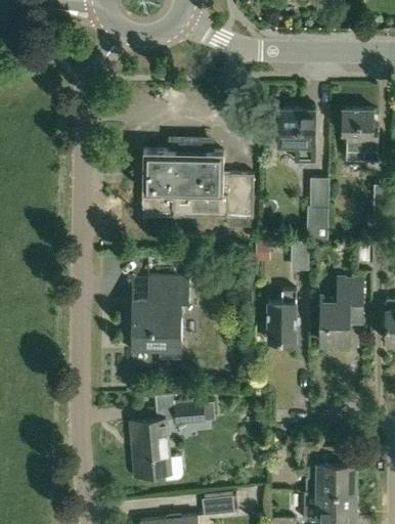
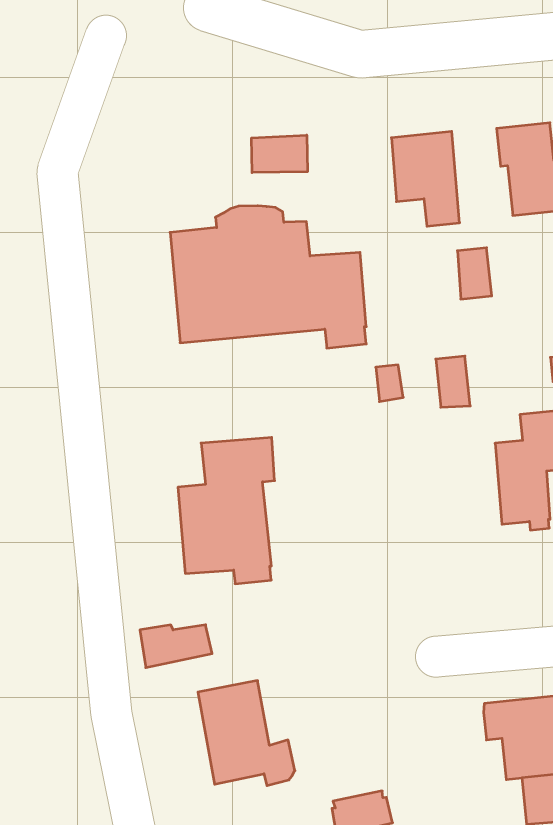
building: none -> [252,135,307,173]
building: [307,208,328,242] -> none
building: [267,290,297,343] -> none
building: [174,401,215,425] -> [140,625,212,668]

